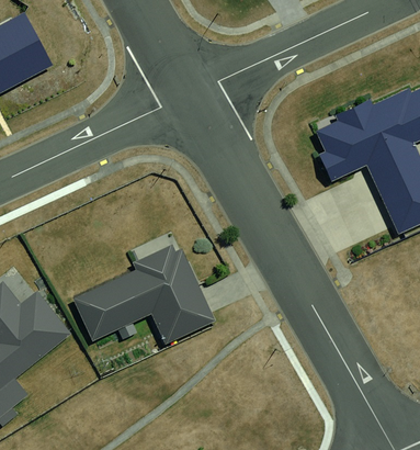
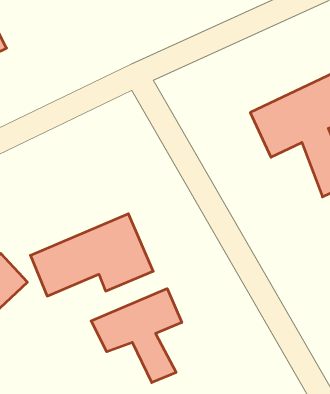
building: none -> [91,289,182,383]

